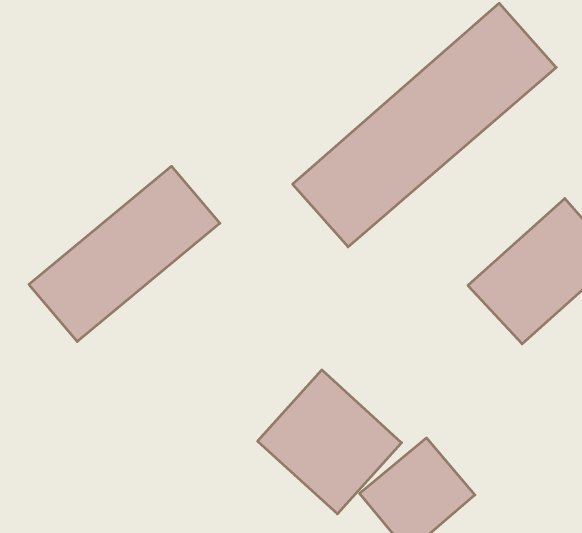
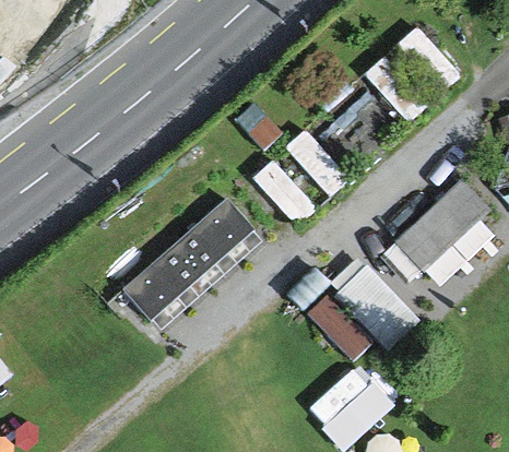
building: [29,166,220,342] -> [119,198,265,332]
building: [258,370,402,514] -> [304,260,414,370]

